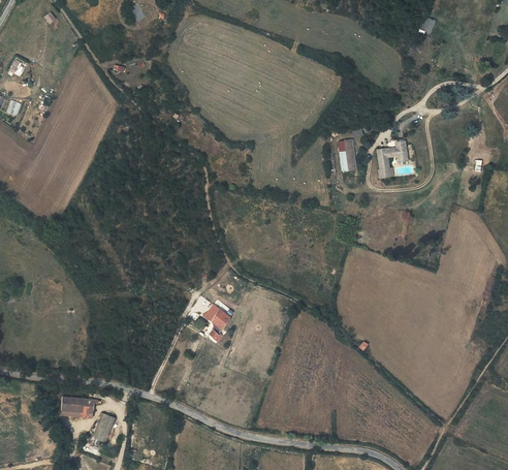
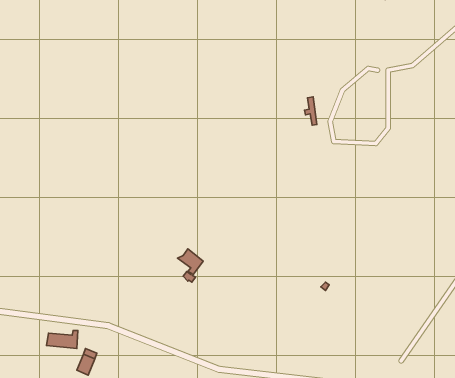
building: [377,140,407,178] -> none

